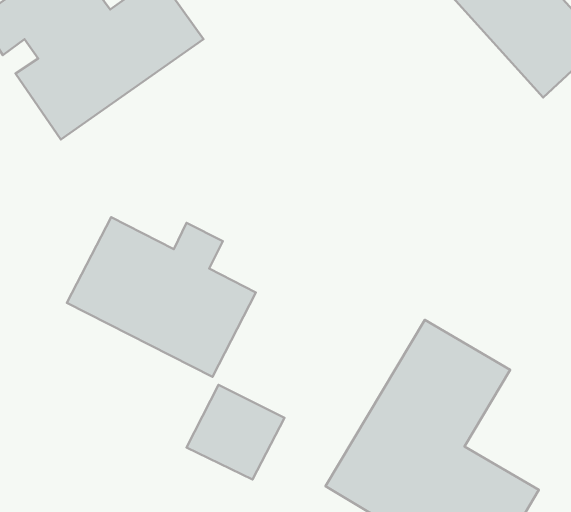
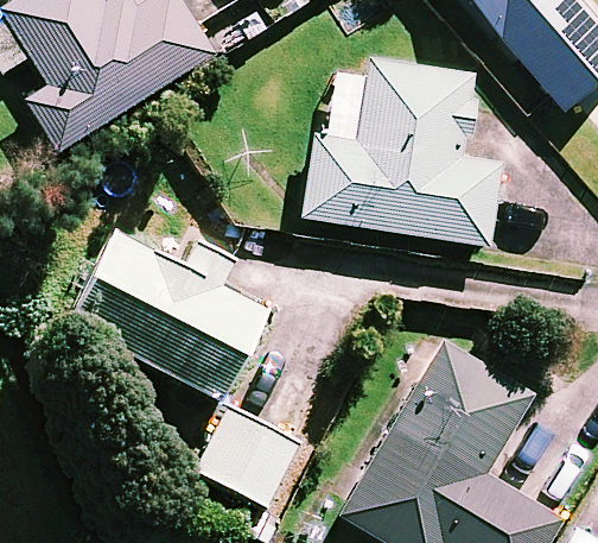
building: none -> [305,57,502,242]

